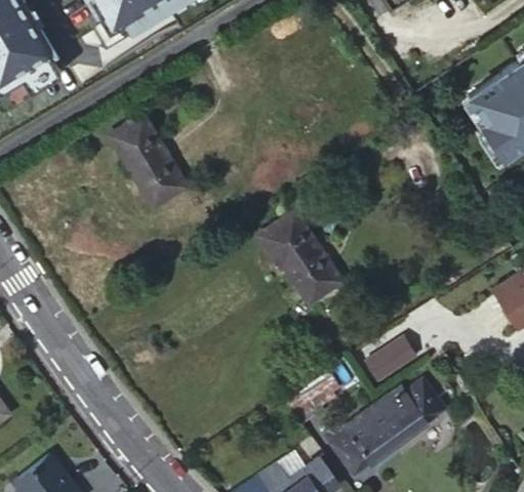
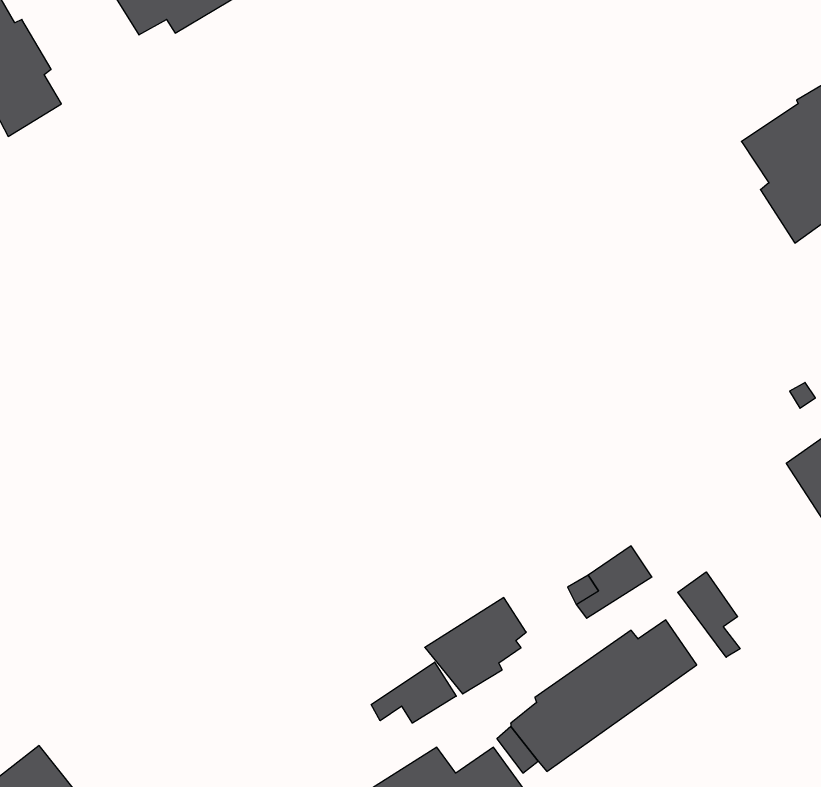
building: [109,115,187,208] -> none
building: [258,212,341,302] -> none
building: none -> [678,572,740,657]
building: none -> [371,662,456,723]

